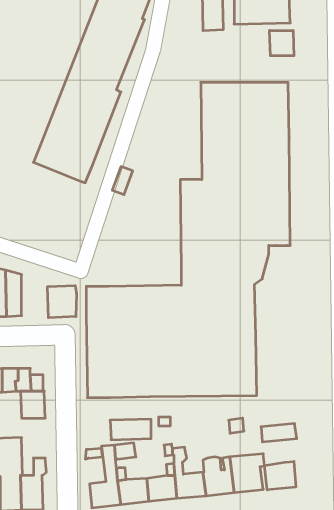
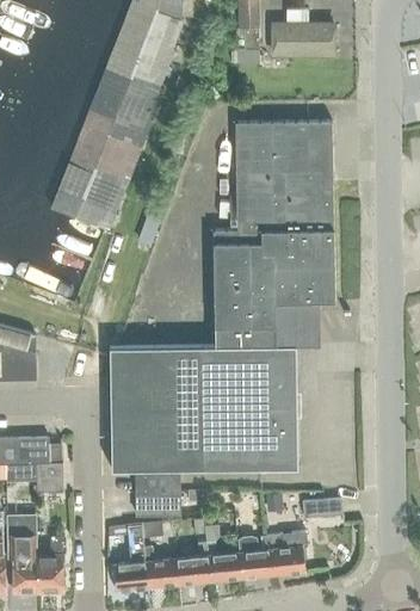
building: [270,30,294,56] -> none
building: [48,286,76,318] -> none
building: none -> [135,469,180,495]
building: [264,461,296,490] -> none

